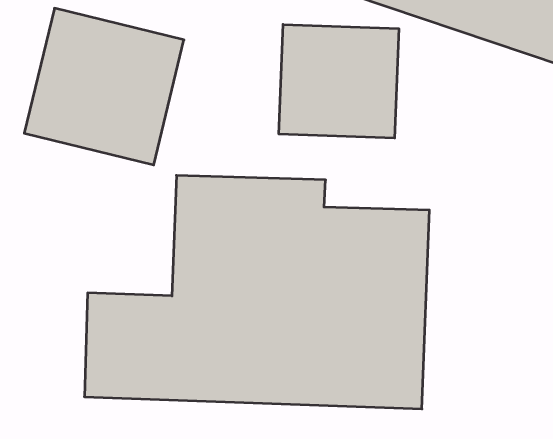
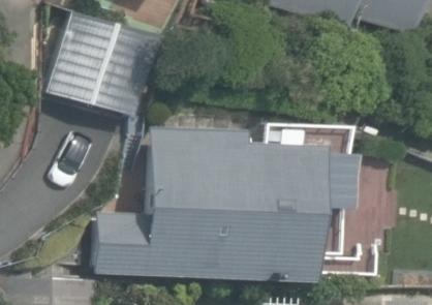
building: [279,24,399,138] -> none

